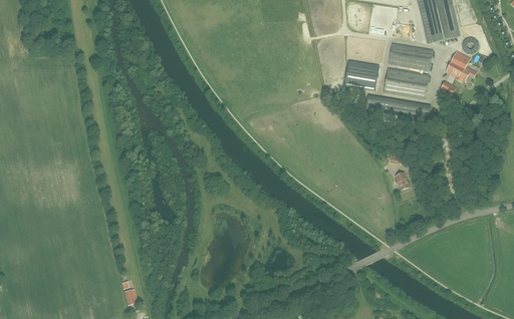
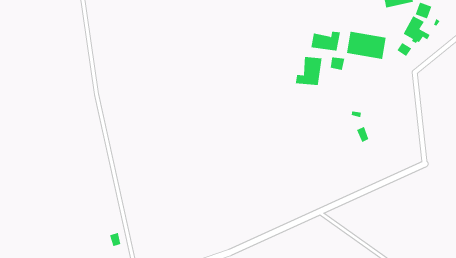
building: [389,42,433,69] -> none
building: none -> [295,56,322,86]

